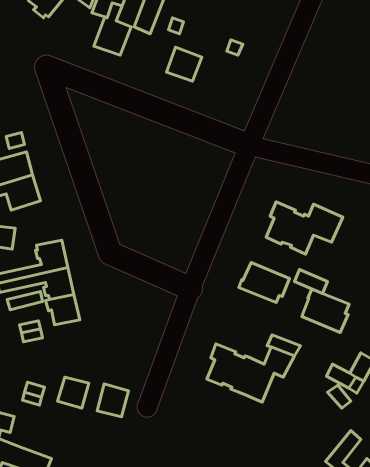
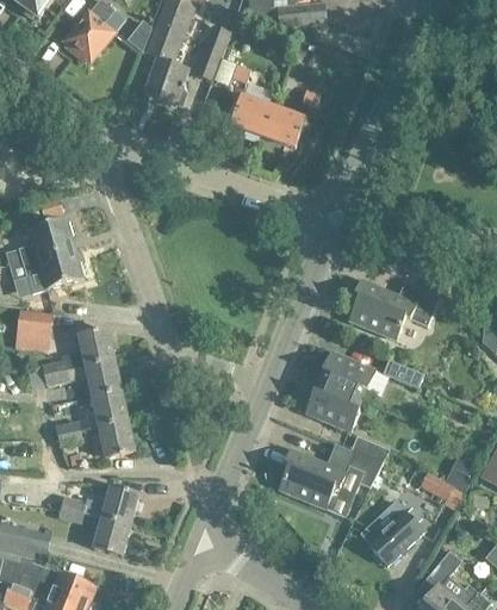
building: none -> [261,108,305,149]
building: [302,289,349,333] -> [304,381,360,432]
building: none -> [98,419,135,459]
building: [97,384,128,417] -> [93,516,130,555]
building: none -> [359,511,422,565]

